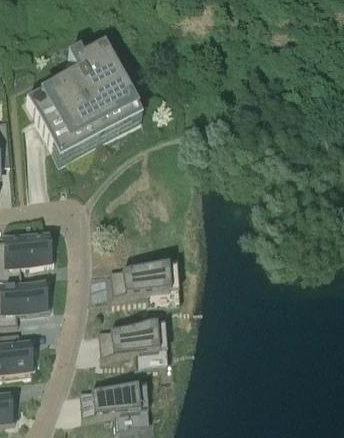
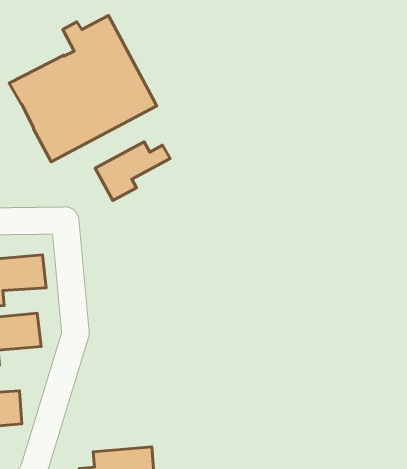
building: none -> [95,142,170,200]
building: [111,267,171,307] -> none
building: [99,327,160,367] -> none

